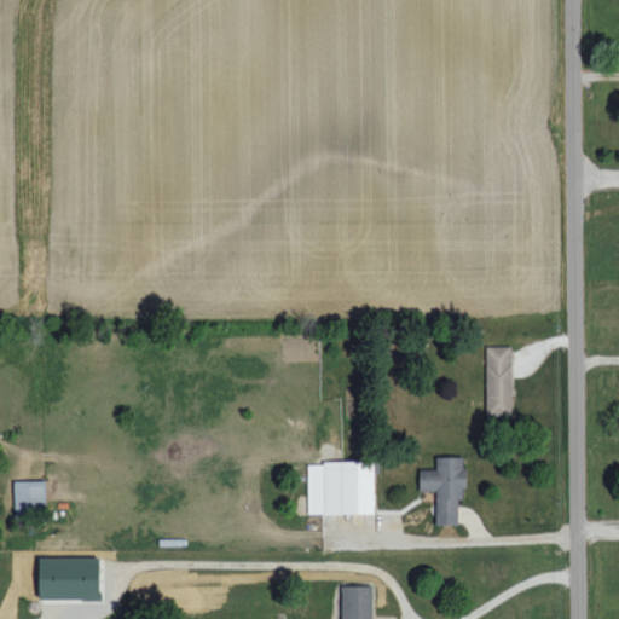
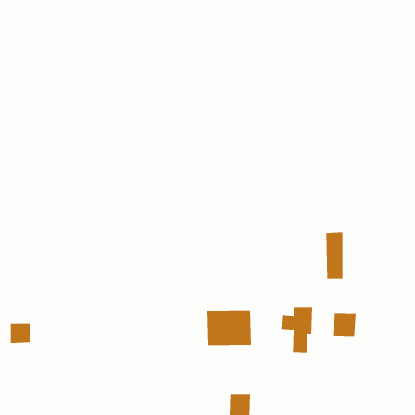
building: none -> [333,312,356,337]
building: [40,557,100,601] -> none

